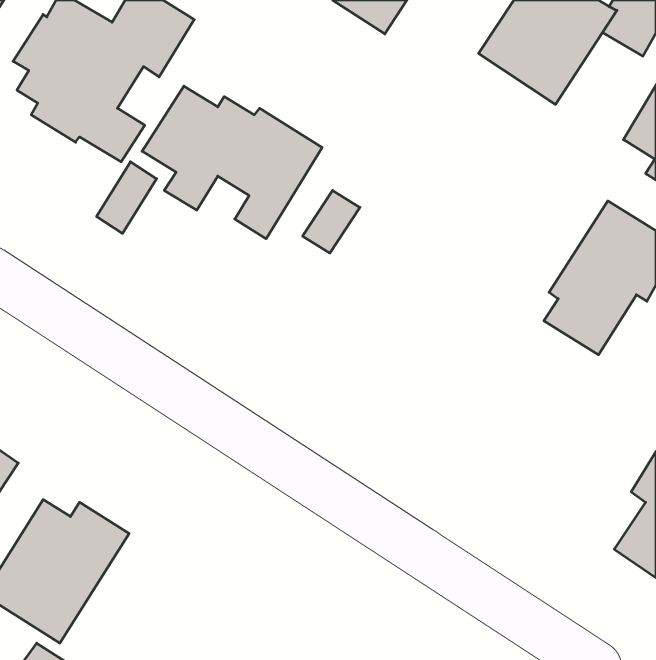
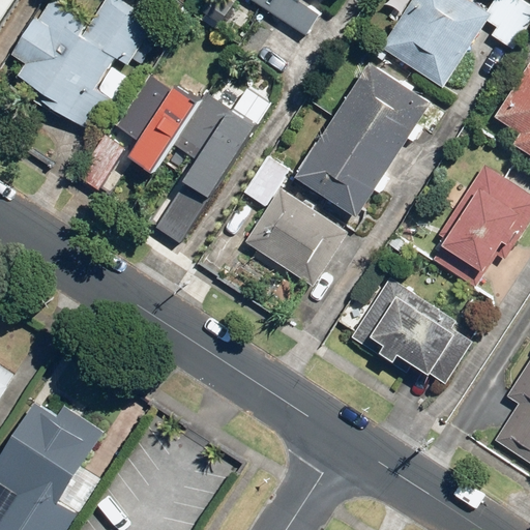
building: none -> [297,58,436,214]
building: none -> [154,179,211,243]
building: none -> [242,186,348,287]
building: none -> [349,275,472,384]

